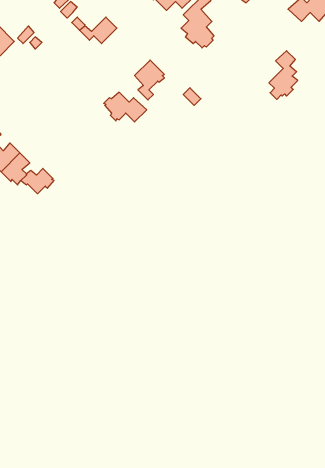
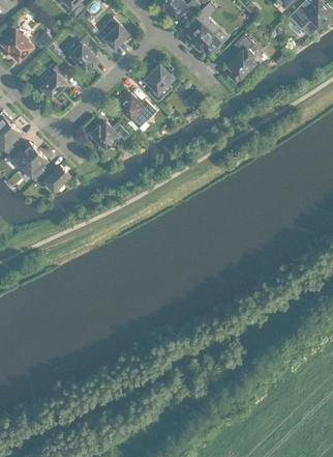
building: none -> [70,41,97,69]
building: [269,51,298,99] -> [228,35,254,81]
building: none -> [41,64,66,97]
building: none -> [90,122,128,148]

